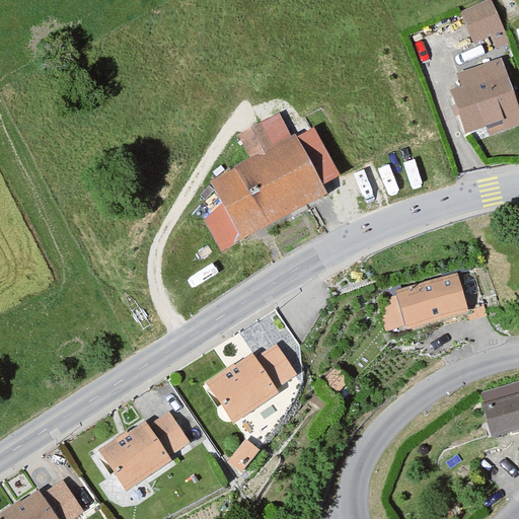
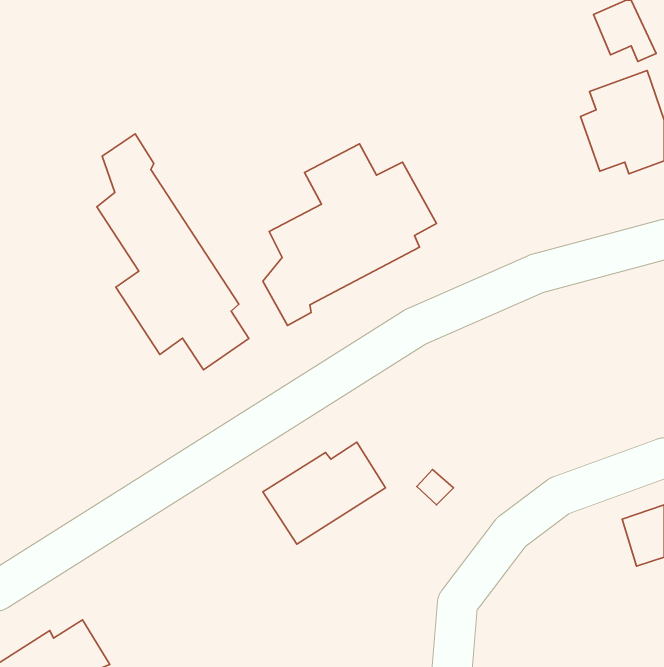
building: none -> [97,134,249,370]
building: [396,272,469,328] -> none
building: [100,411,192,490] -> none

